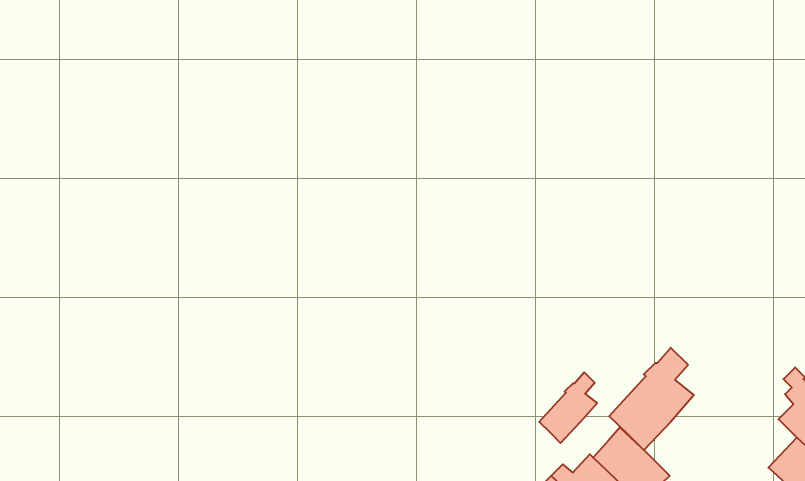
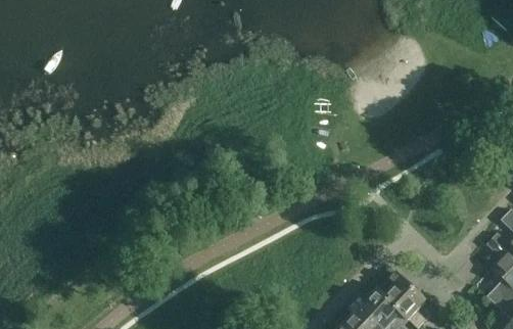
building: [609,348,694,450] -> none
building: [539,372,597,443] -> none

